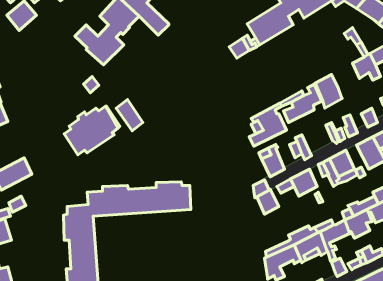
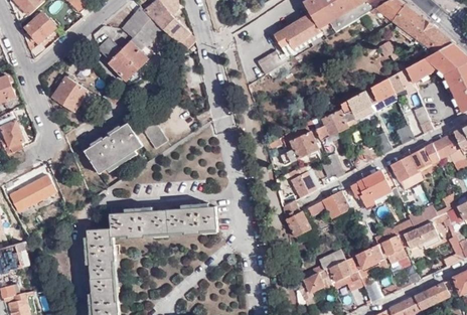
building: none -> [51,77,88,113]
building: none -> [365,78,398,114]

